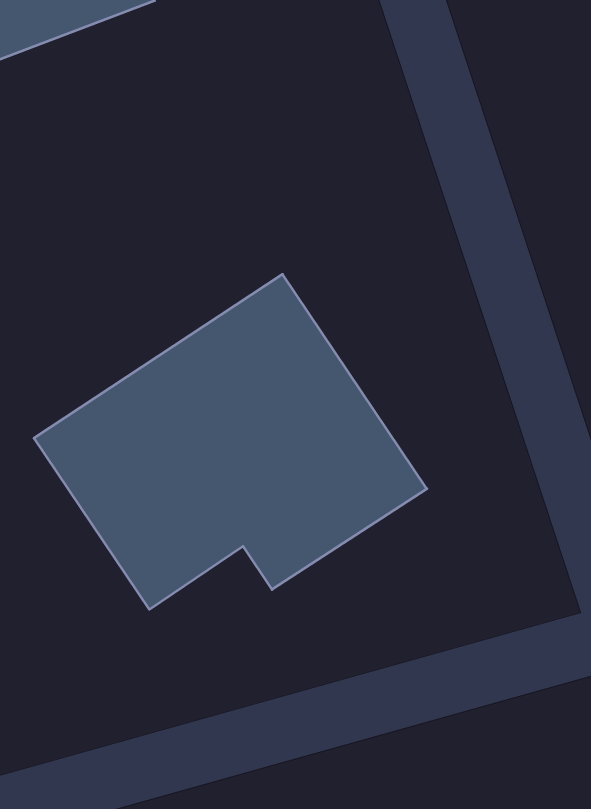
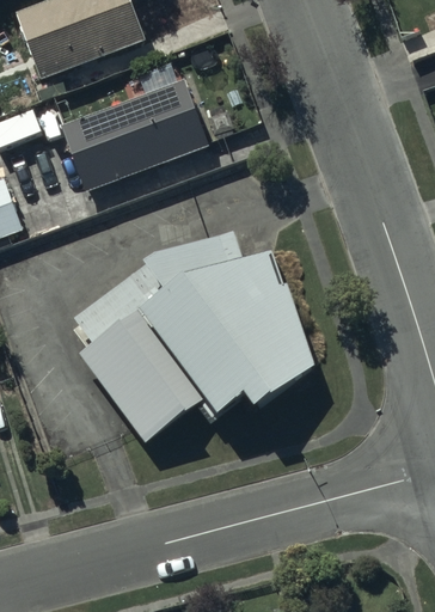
building: none -> [61,78,209,190]

